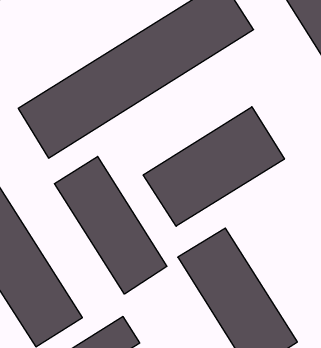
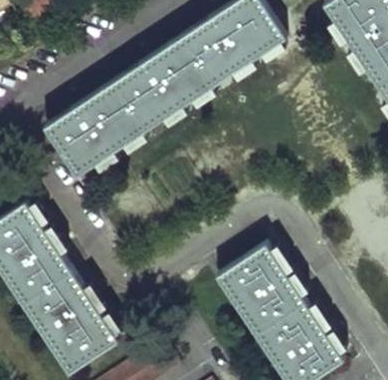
building: [143,107,284,226] -> none
building: [54,156,167,294] -> none

